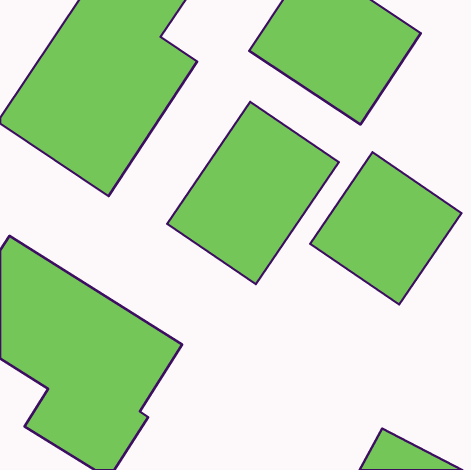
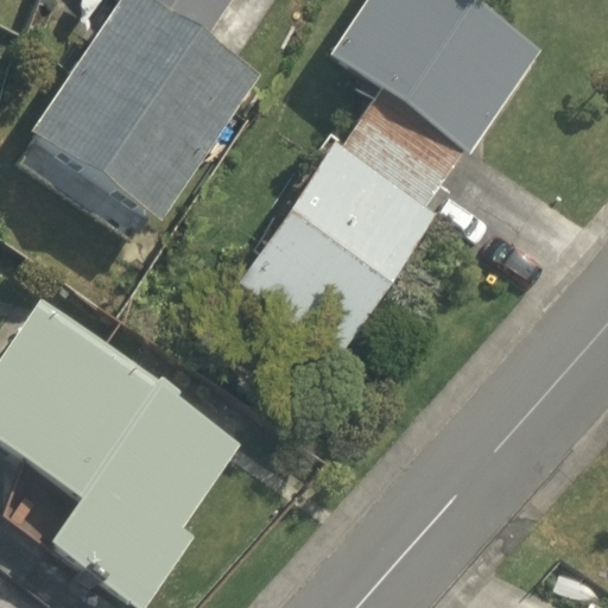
building: [310,152,462,305] -> none

